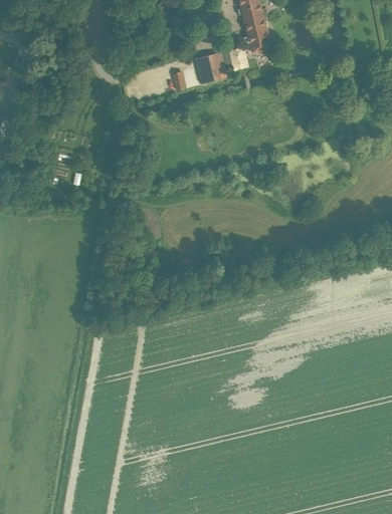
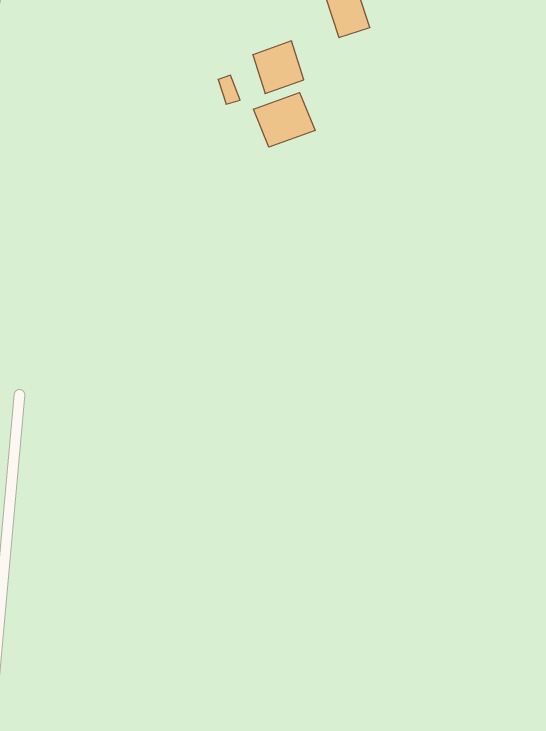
building: none -> [253,93,315,147]

